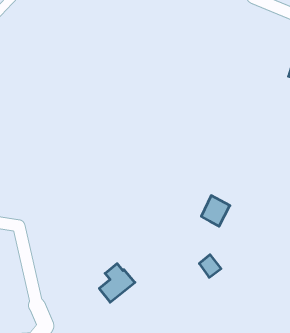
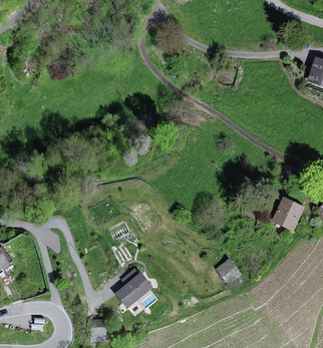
building: [201,196,230,226] -> [274,199,303,230]

